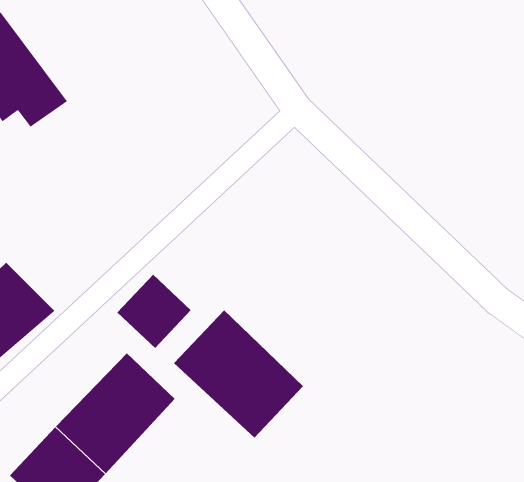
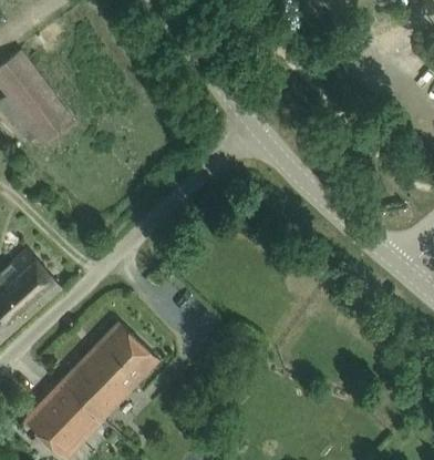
building: [116,274,192,349] -> none
building: [173,309,304,438] -> none

